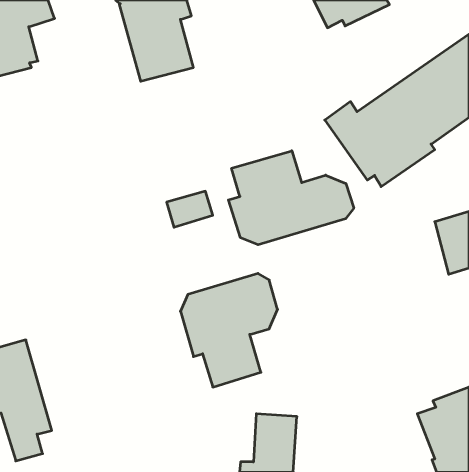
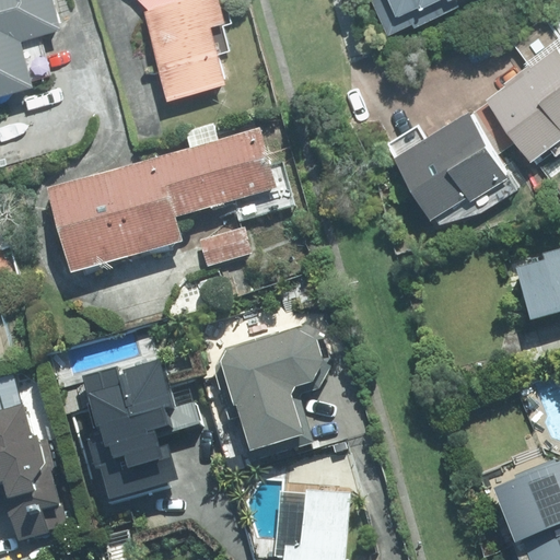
building: none -> [43,126,281,279]
building: [228,151,354,245] -> none
building: none -> [81,362,202,505]

